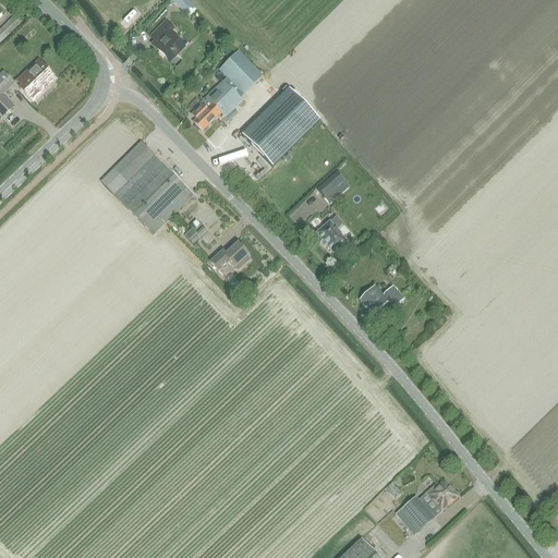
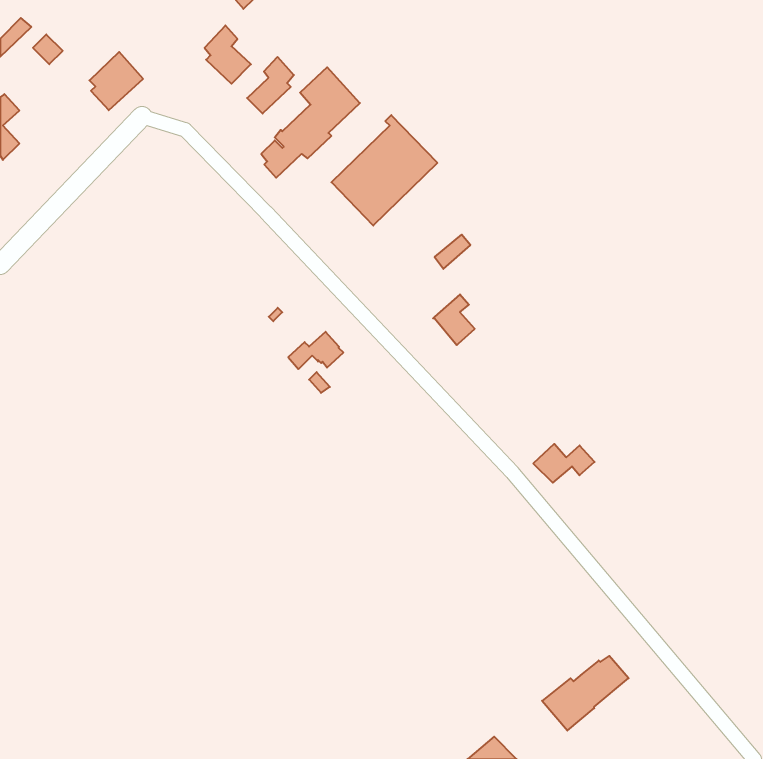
building: none -> [247,57,294,114]
building: [17,58,57,100] -> [89,52,143,110]
building: [101,141,194,232] -> none
building: [360,283,404,312] -> [533,444,595,483]

